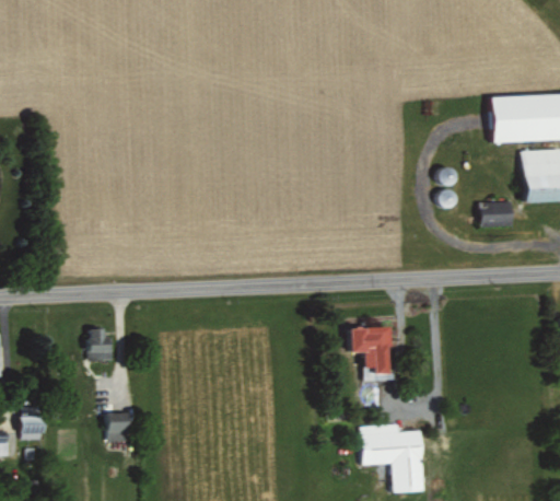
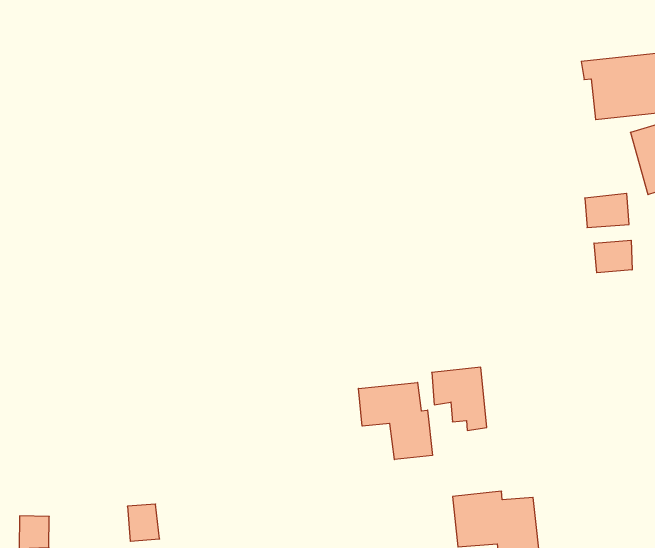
building: none -> [594,240,632,273]
building: [86,329,113,361] -> none
building: none -> [358,382,432,460]

